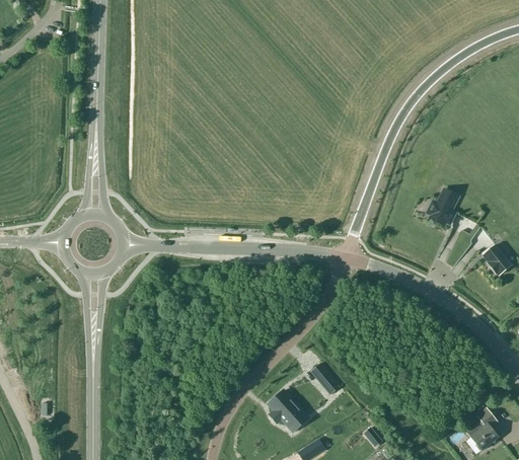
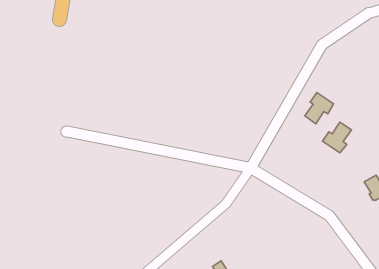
building: none -> [305,93,333,124]

